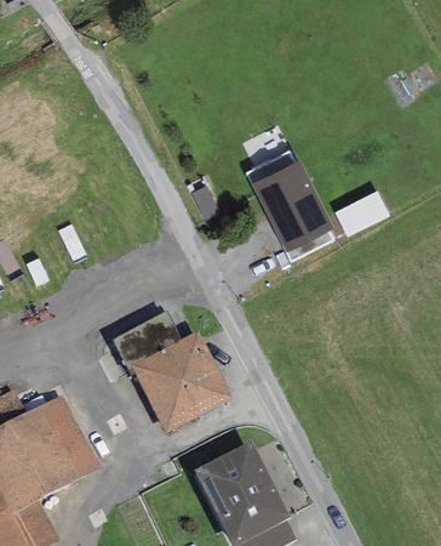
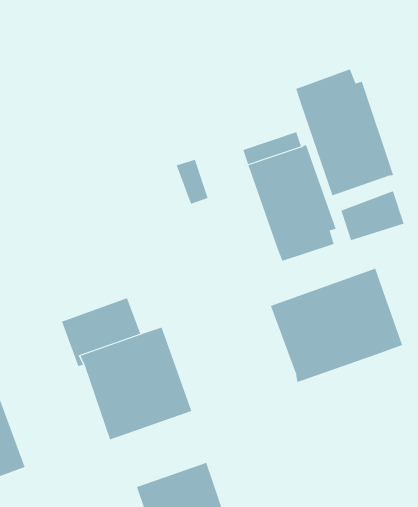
building: none -> [296,69,394,196]
building: none -> [270,268,403,383]

